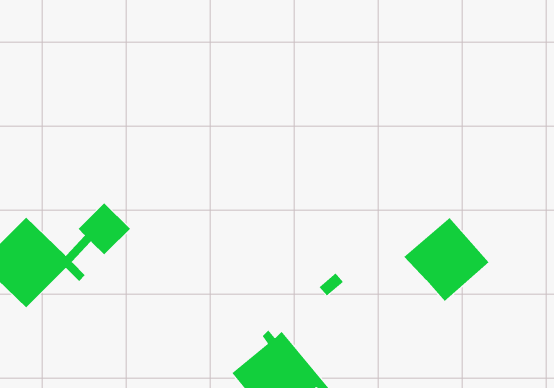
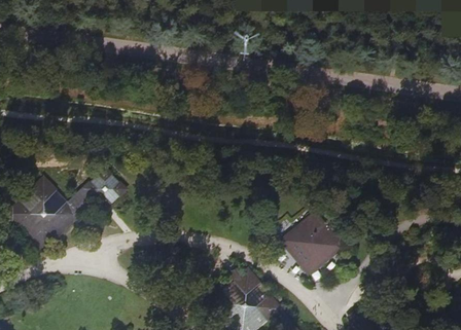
building: [403,217,489,302] -> [277,212,344,278]

